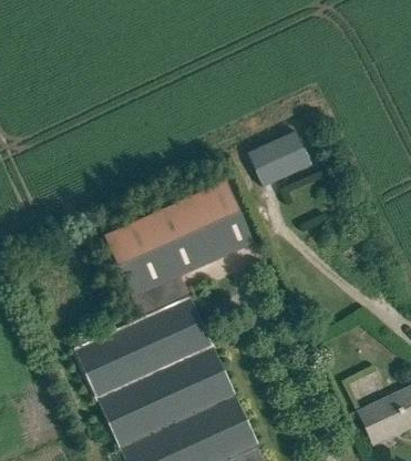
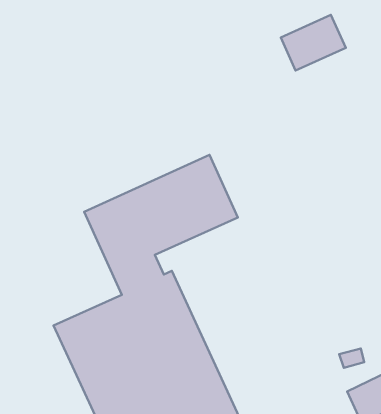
building: [249,132,312,186] -> [281,15,346,71]

